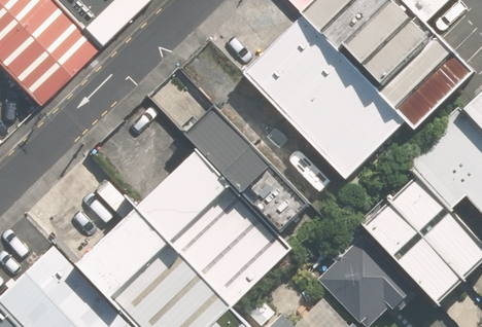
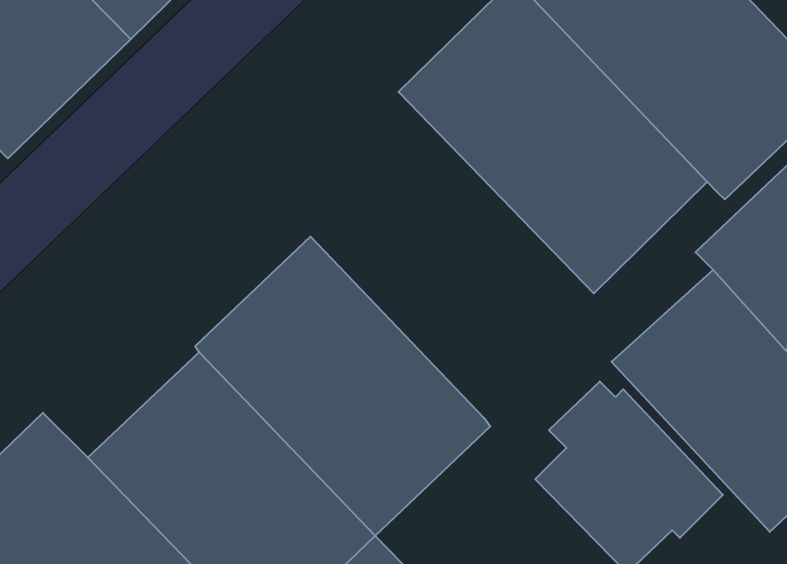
building: [186,101,272,187] -> none

